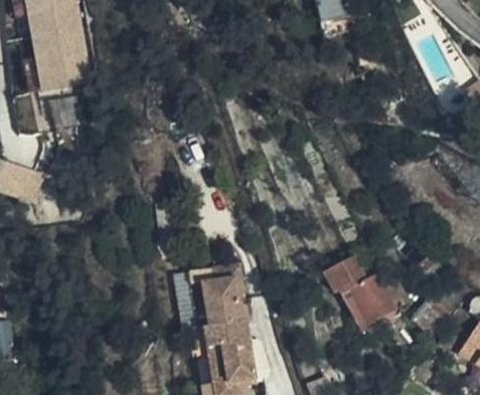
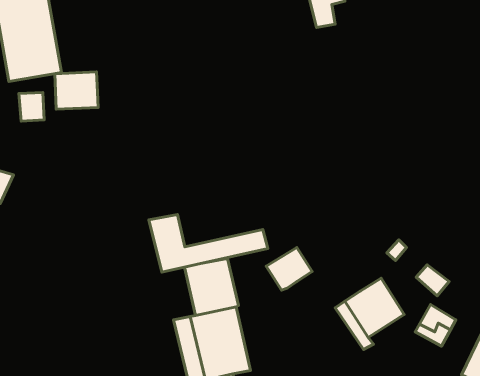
building: none -> [55,72,98,109]
building: none -> [149,214,268,272]
building: [321,258,363,298] -> [266,247,312,290]

